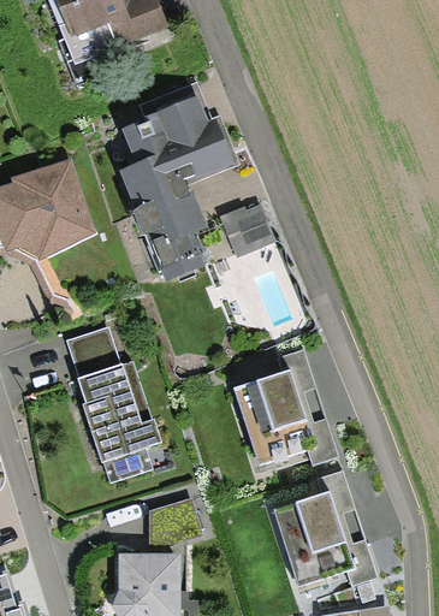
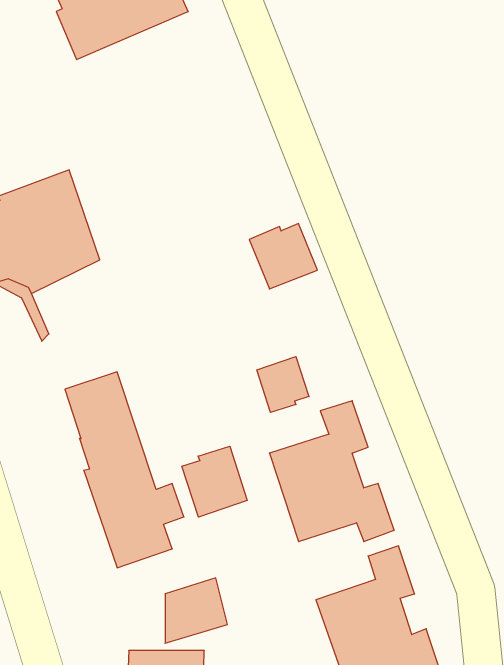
building: [119,82,239,288] -> none
building: none -> [257,357,309,412]
building: none -> [182,446,247,517]

